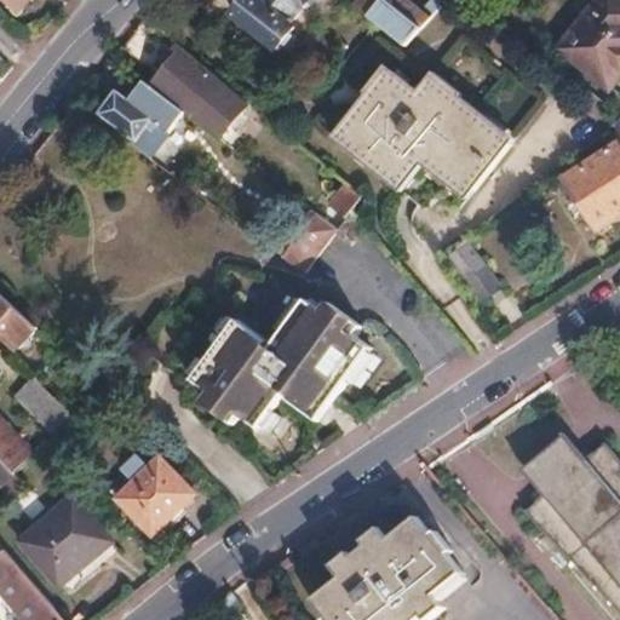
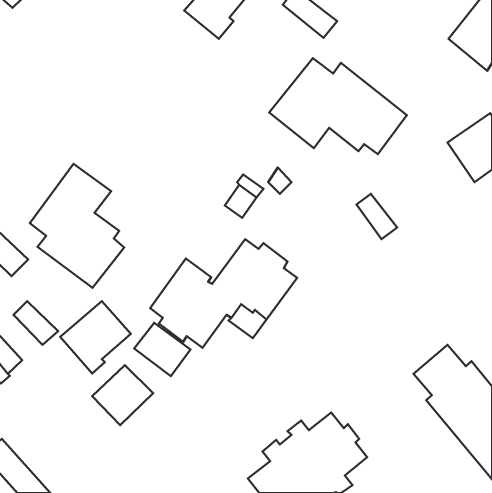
building: [144,38,245,134] -> none
building: [98,78,182,150] -> none
building: none -> [30,164,124,288]
building: none -> [134,323,191,376]
building: [18,494,107,585] -> [60,301,131,374]

